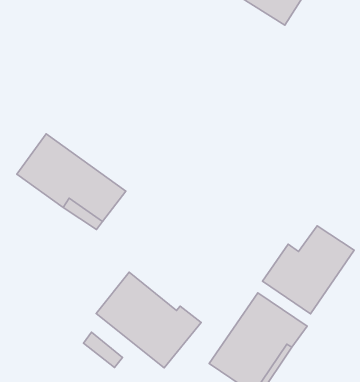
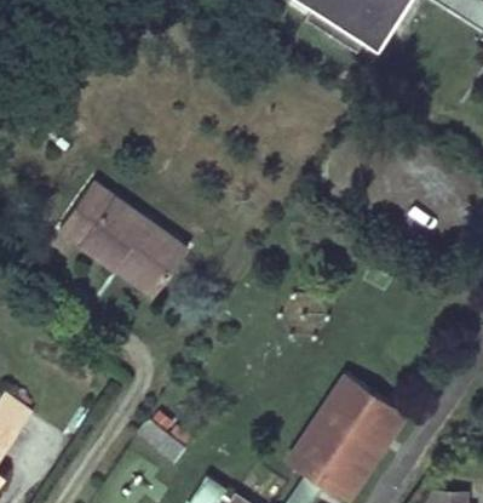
building: [263,226,354,314] -> none
building: [96,272,201,368] -> none

